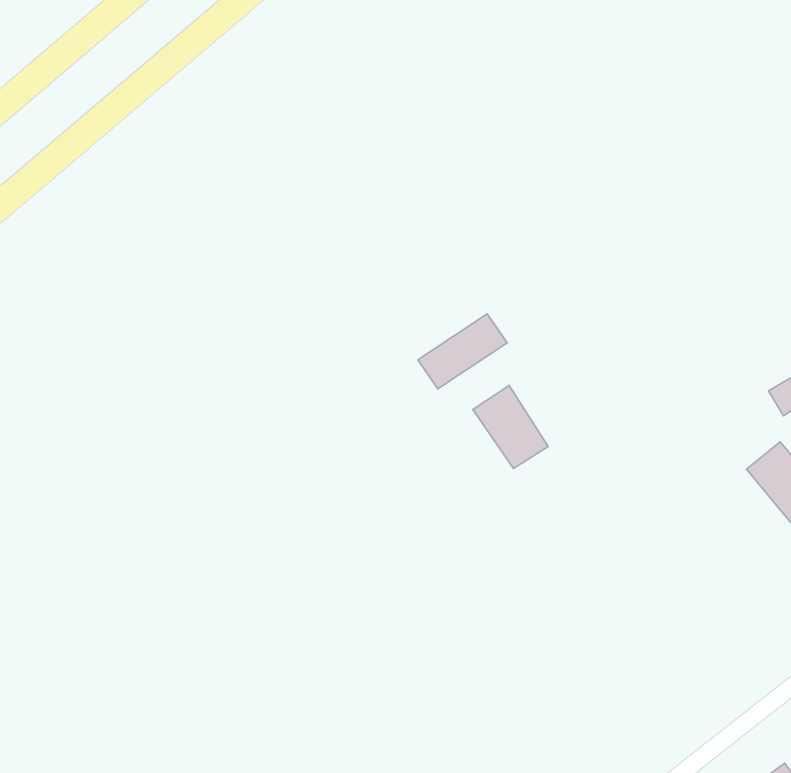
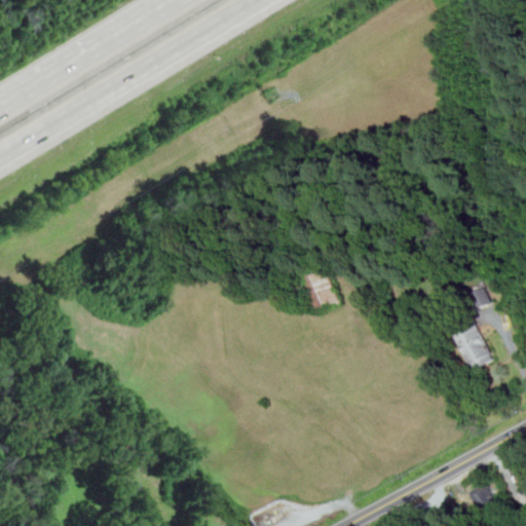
building: [418,314,507,389] -> none

